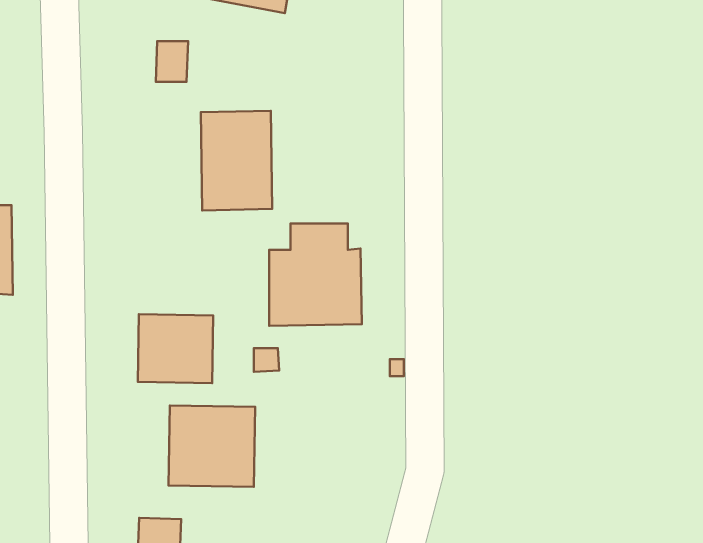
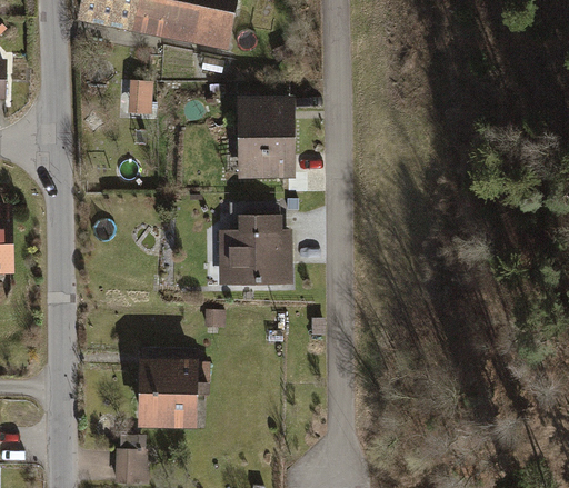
building: [201,111,272,210] -> [238,97,295,176]
building: [138,314,213,383] -> none

